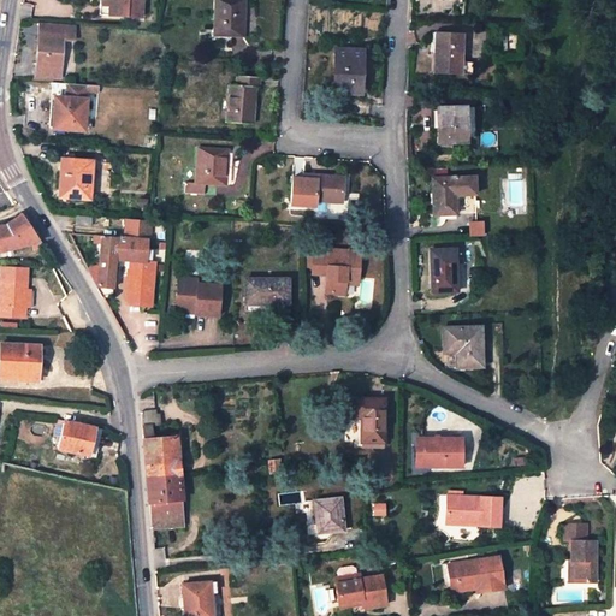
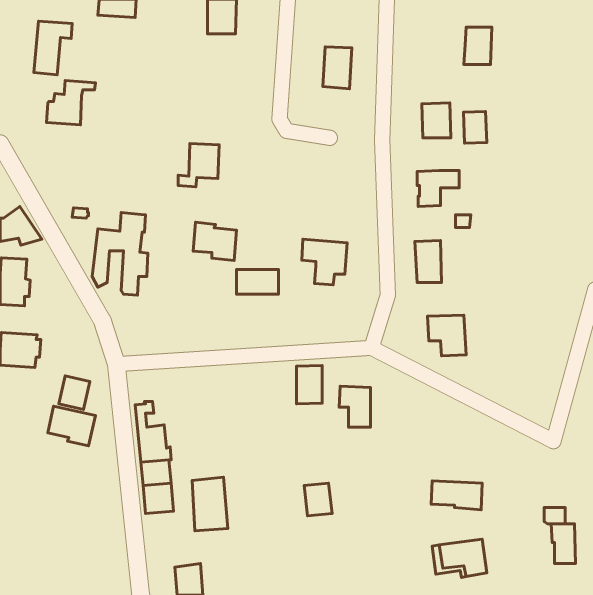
building: [436,34,464,72] -> [464,27,492,65]
building: [229,73,262,124] -> none
building: none -> [463,111,487,143]
building: [60,158,94,199] -> none
building: [292,174,344,206] -> none
building: [177,277,221,316] -> [193,222,236,261]
building: none -> [297,366,322,404]
building: none -> [59,376,90,409]
building: [424,438,462,466] -> none
building: none -> [192,477,228,531]
building: [334,567,386,608] -> none

